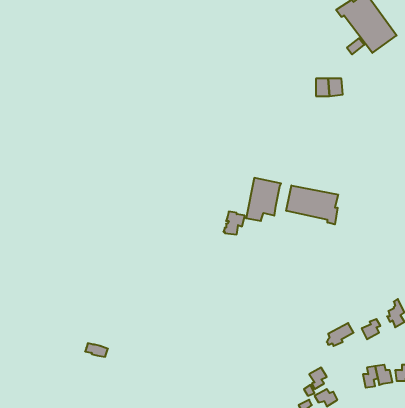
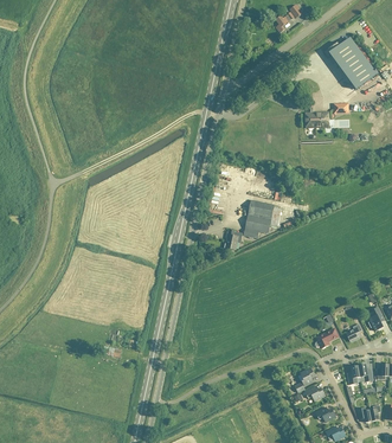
building: [286,185,338,224] -> none

